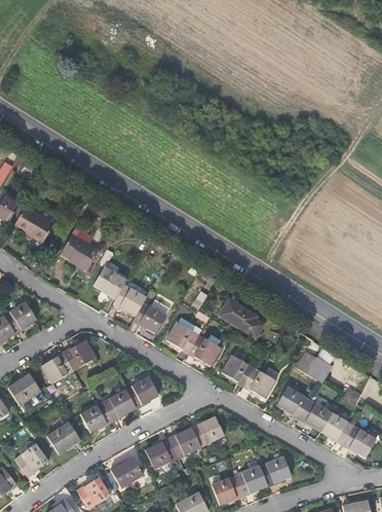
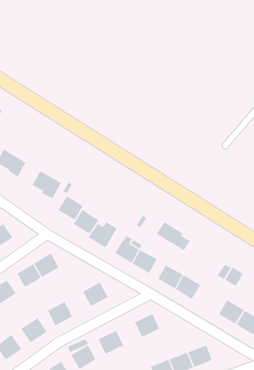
building: [276,386,309,416] -> none
building: [103,388,136,419] -> none
building: [168,427,200,456] -> none

